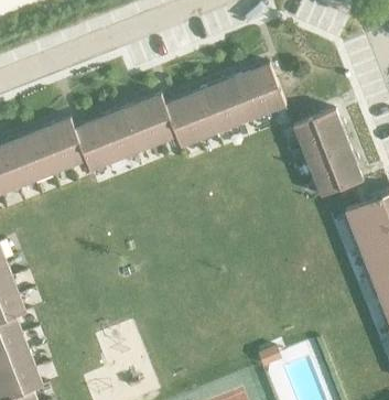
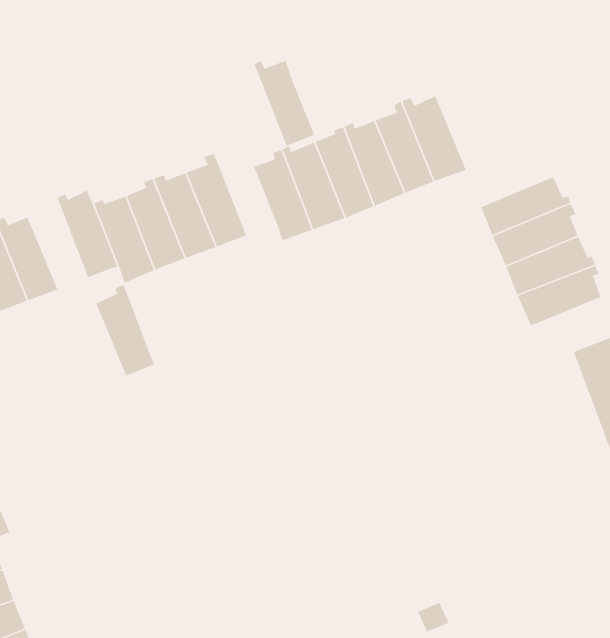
building: [141,95,176,144] -> [253,60,315,147]
building: [34,122,68,175] -> [95,284,155,376]

